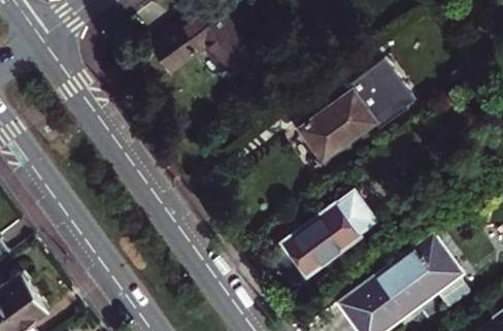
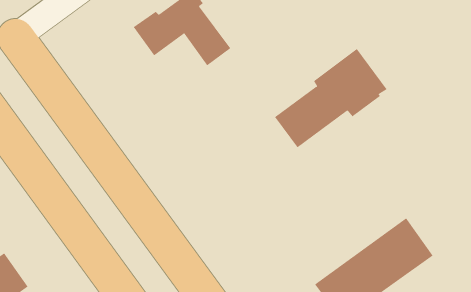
building: [283,192,378,276] -> none

